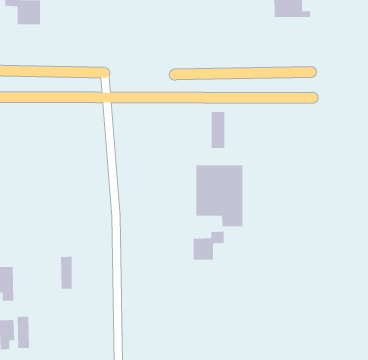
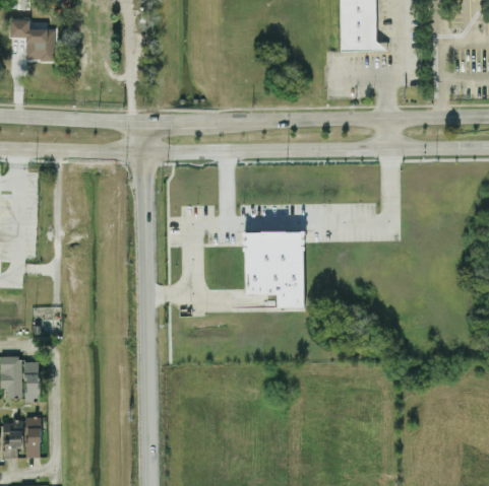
building: [211,111,225,149] -> none
building: [193,231,224,261] -> none
building: [60,256,72,289] -> [23,361,39,402]

